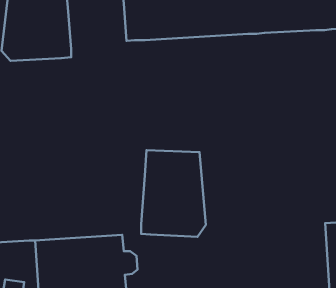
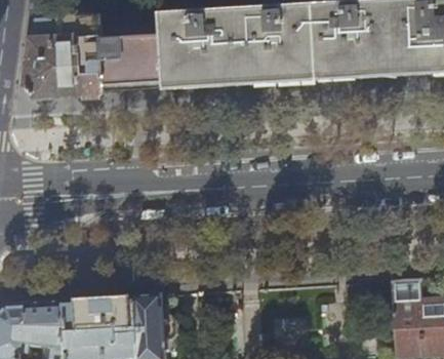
building: none -> [100,34,167,85]
building: [141,150,206,237] -> none

